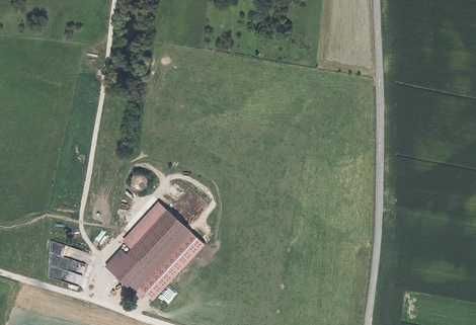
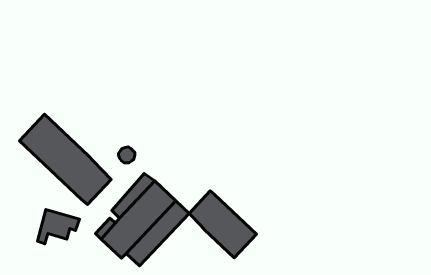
building: none -> [20,114,111,205]
building: none -> [189,191,256,258]

